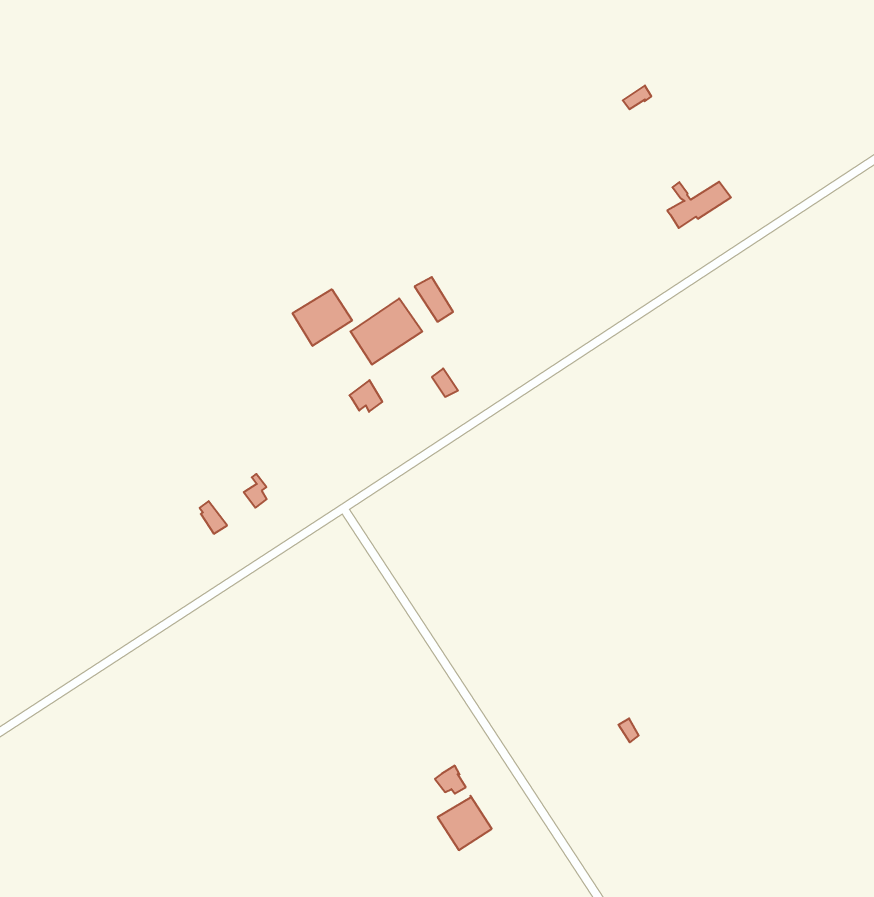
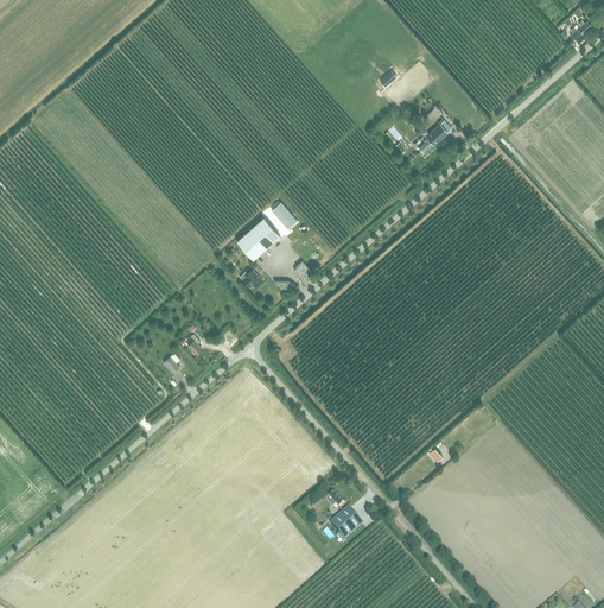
building: [293,289,352,346] -> none

